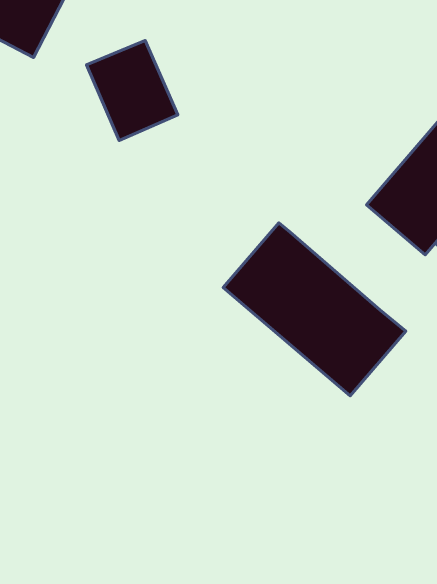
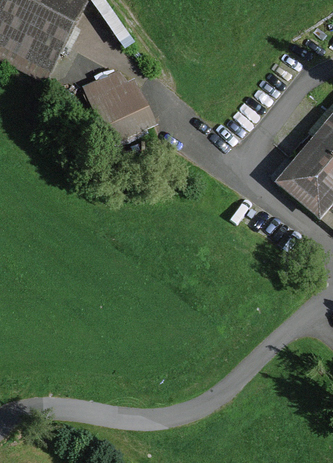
building: [223,223,406,396] -> none

